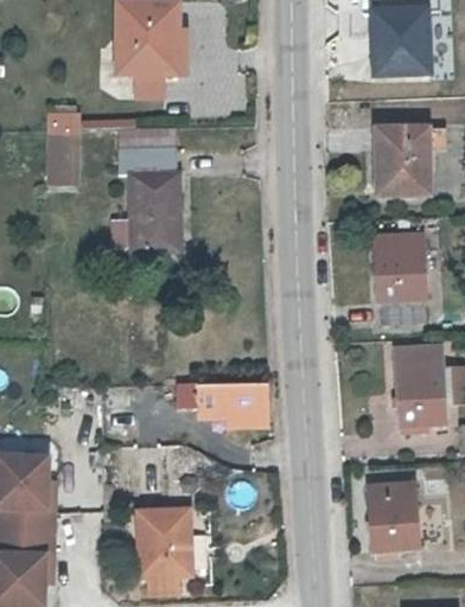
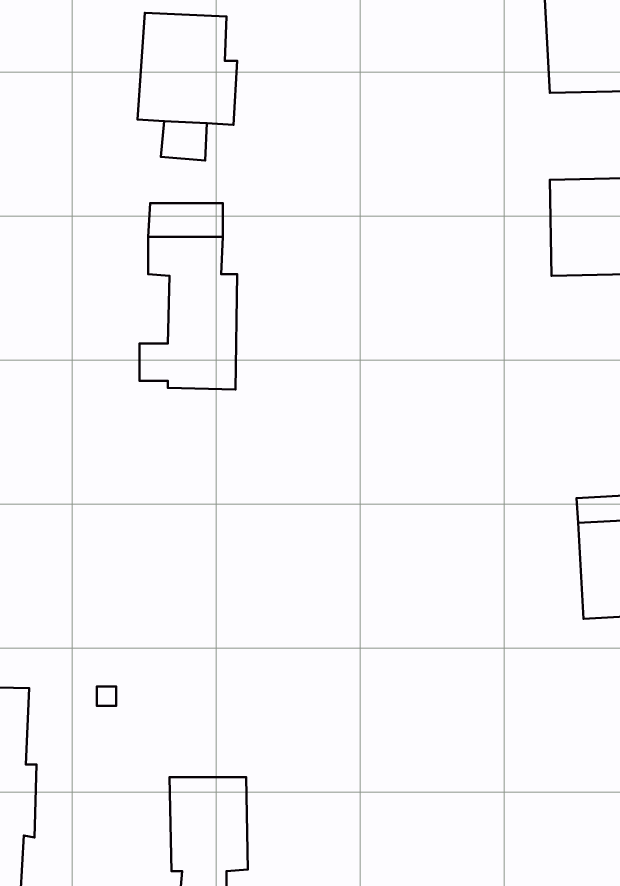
building: [42,123,74,183] -> none
building: [389,231,429,317] -> none
building: [174,391,272,436] -> none
building: [387,477,429,537] -> none

